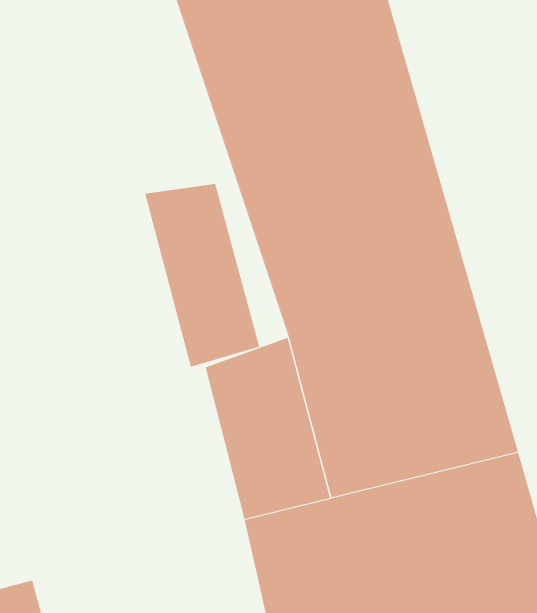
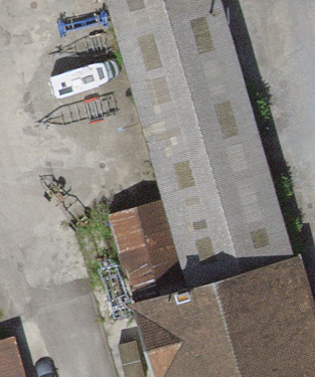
building: [144,183,260,367] -> none

